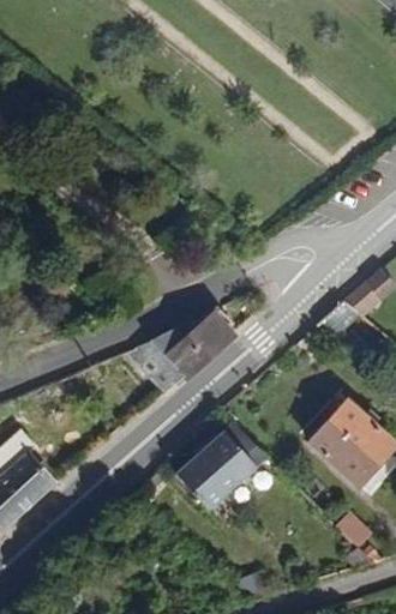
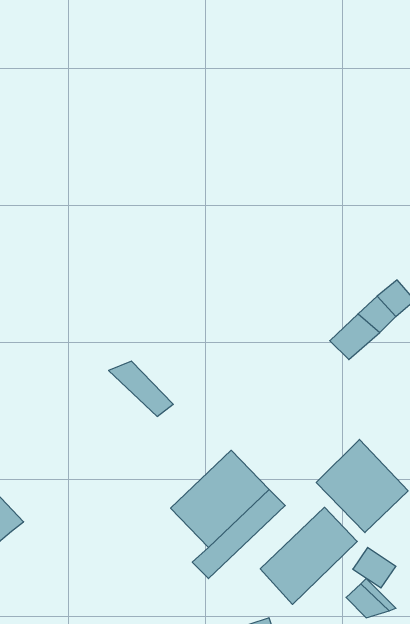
building: [143,318,229,379] -> none
building: none -> [260,507,357,604]

